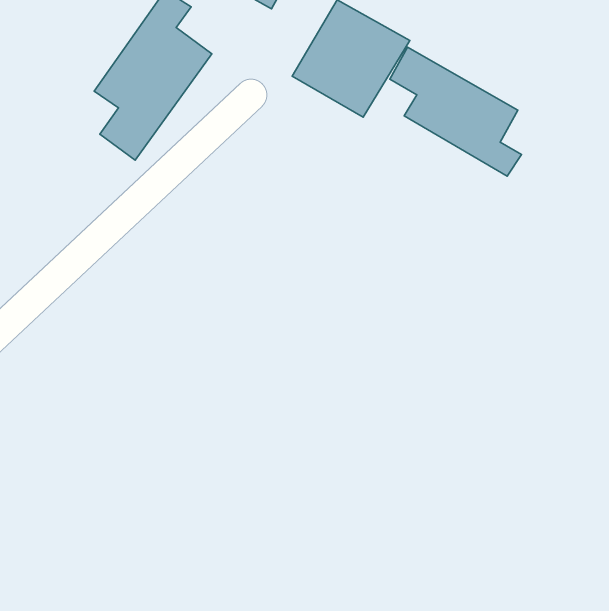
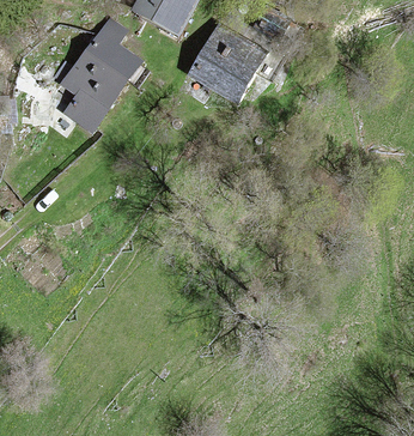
building: [390,47,521,176] -> none

